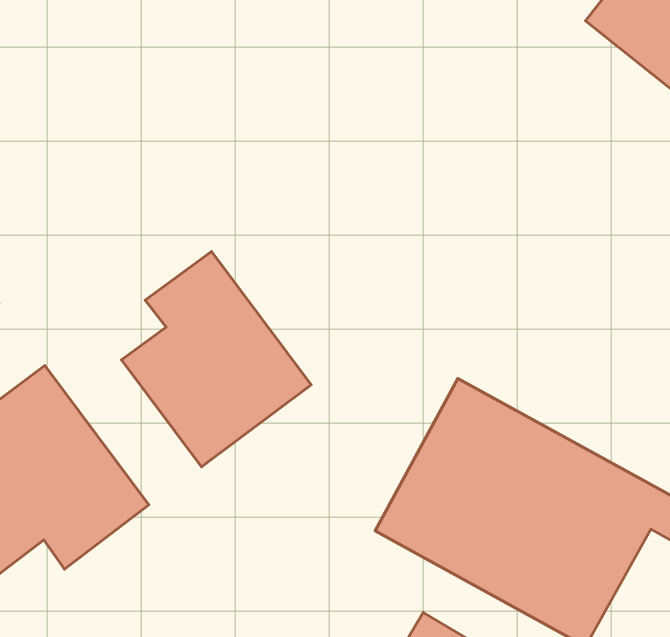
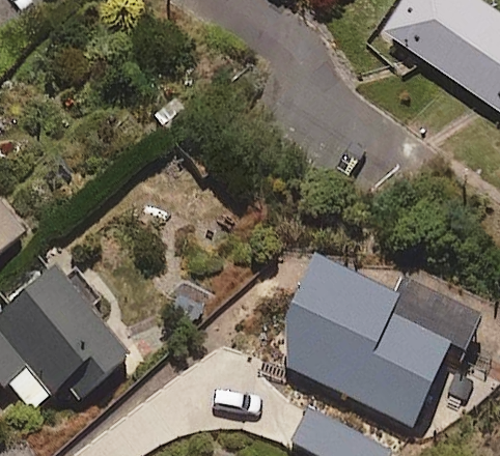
building: [121,251,311,467] -> none

